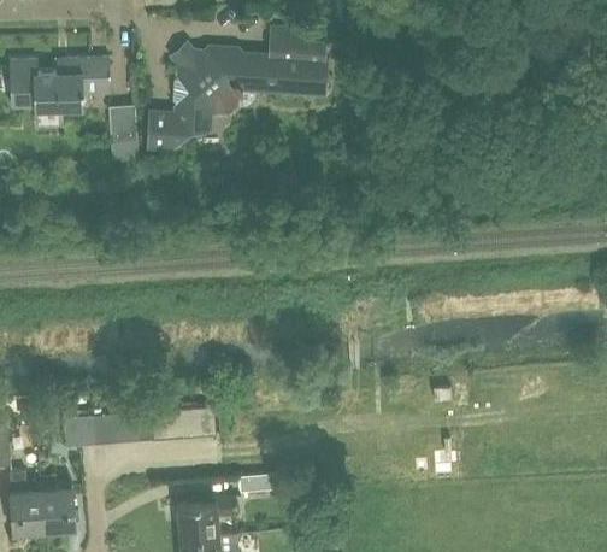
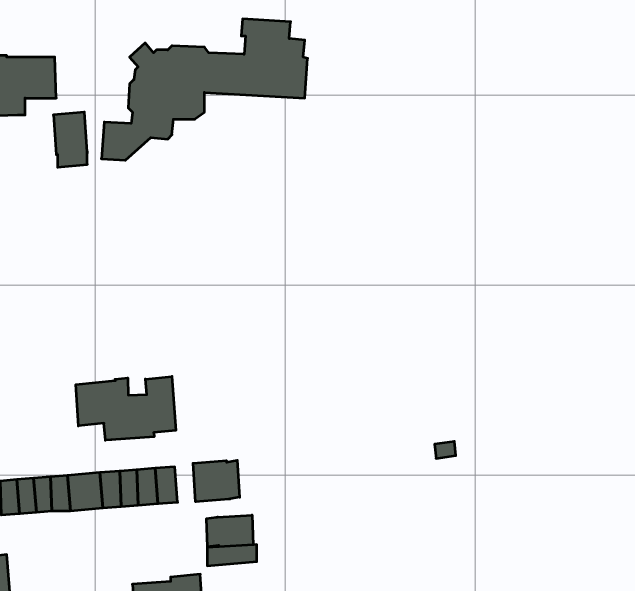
building: none -> [76,376,176,440]
building: none -> [193,460,240,502]
building: none -> [207,515,253,547]

